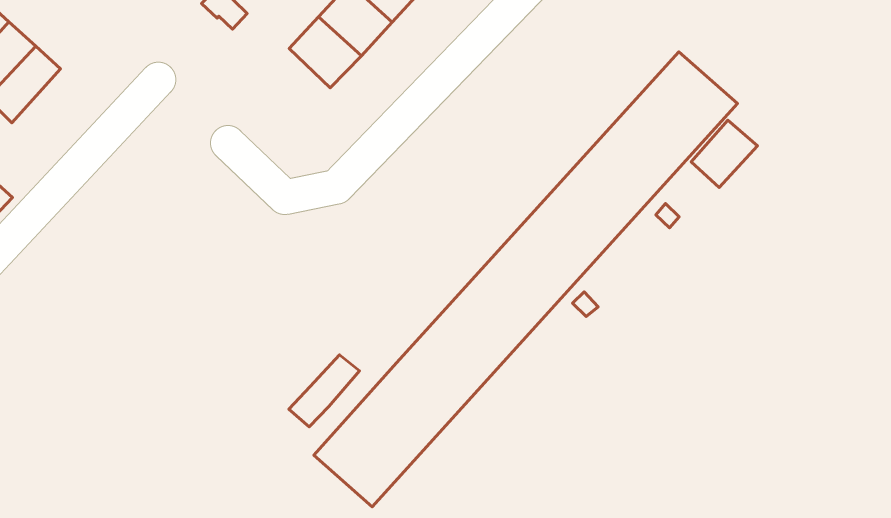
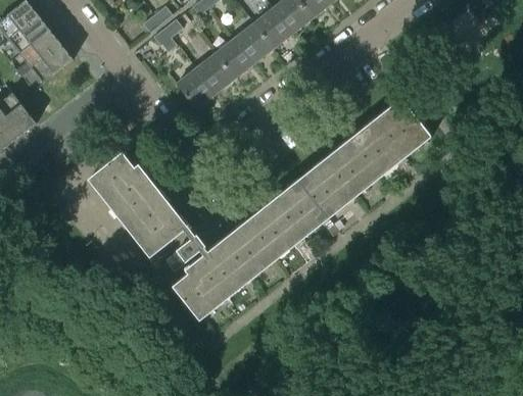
building: none -> [175,67,213,108]
building: [691,120,758,187] -> none
building: none -> [88,153,182,256]

